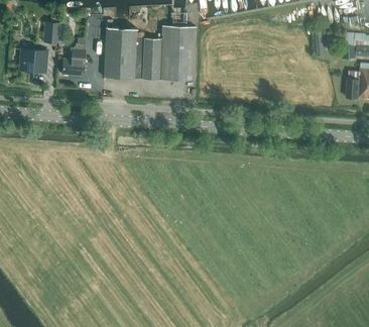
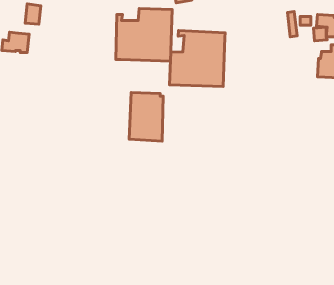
building: [104,28,139,79] -> [129,92,163,141]
building: [63,36,87,75] -> none
building: none -> [169,30,225,87]

